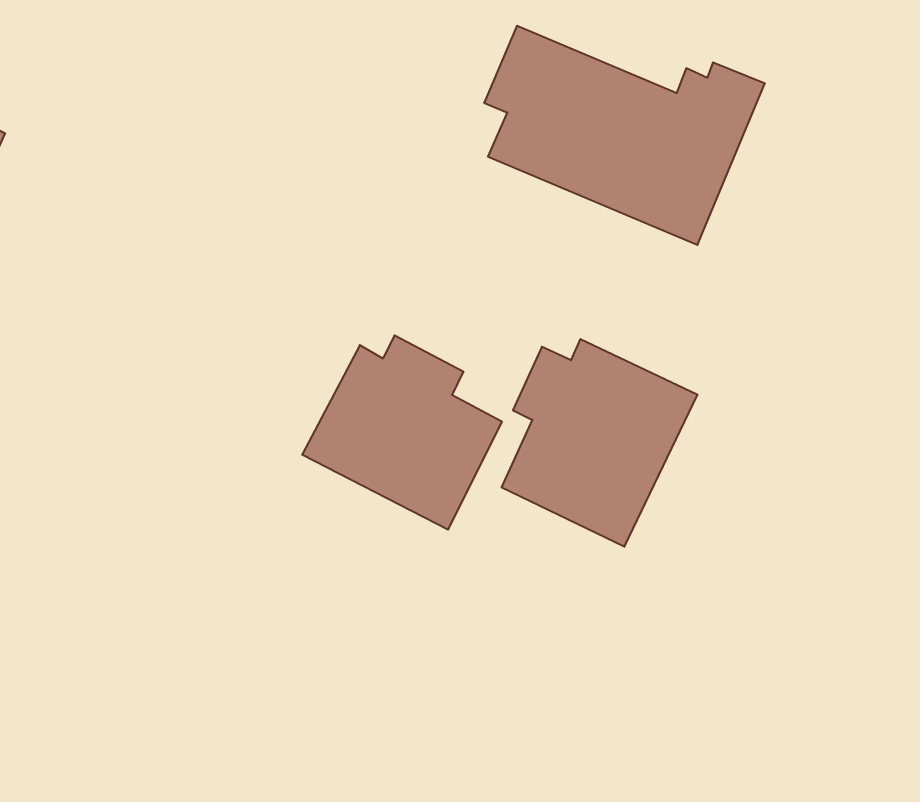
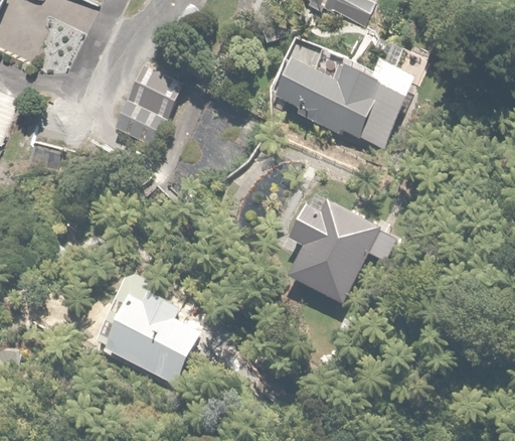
building: none -> [109,63,180,145]
building: [302,335,502,530] -> [98,285,202,387]

